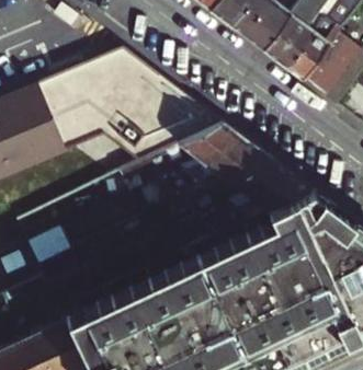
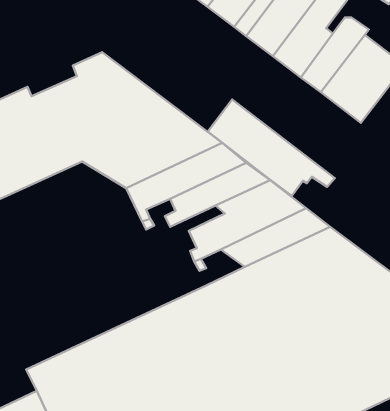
building: none -> [208,100,335,196]

